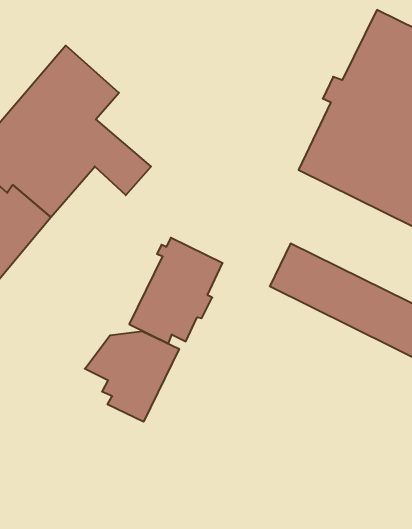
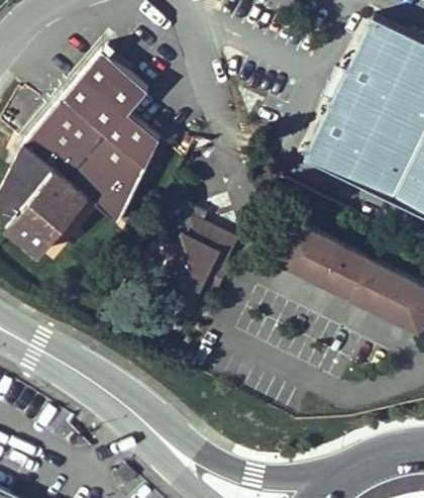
building: none -> [88,158,153,226]
building: [85,331,179,422] -> none

